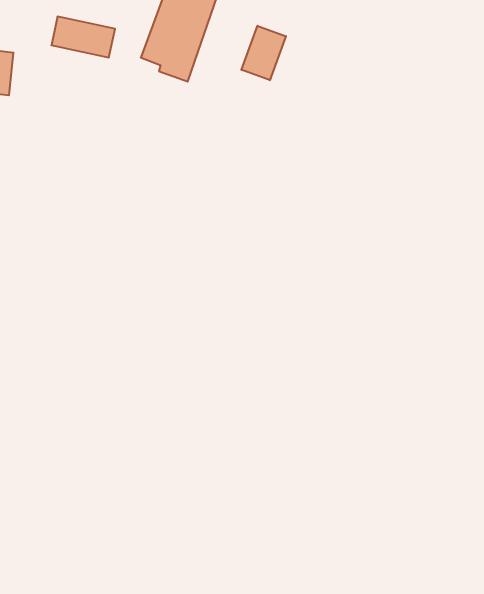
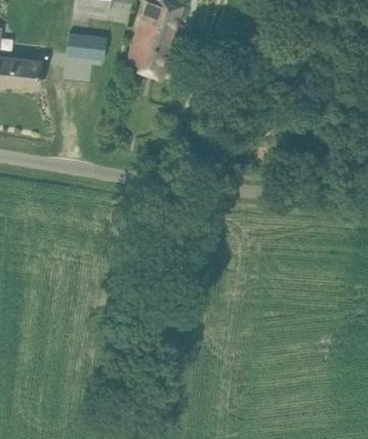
building: [241,26,286,80] -> none

